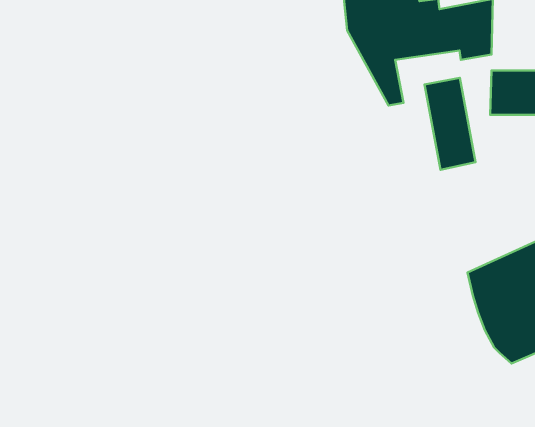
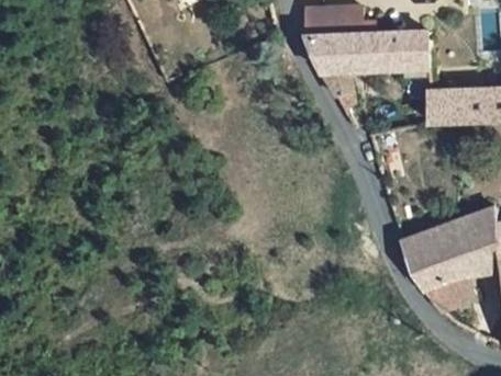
building: [425,78,476,170] -> none

